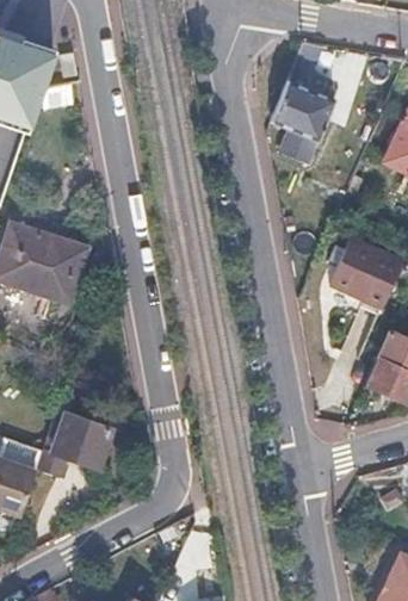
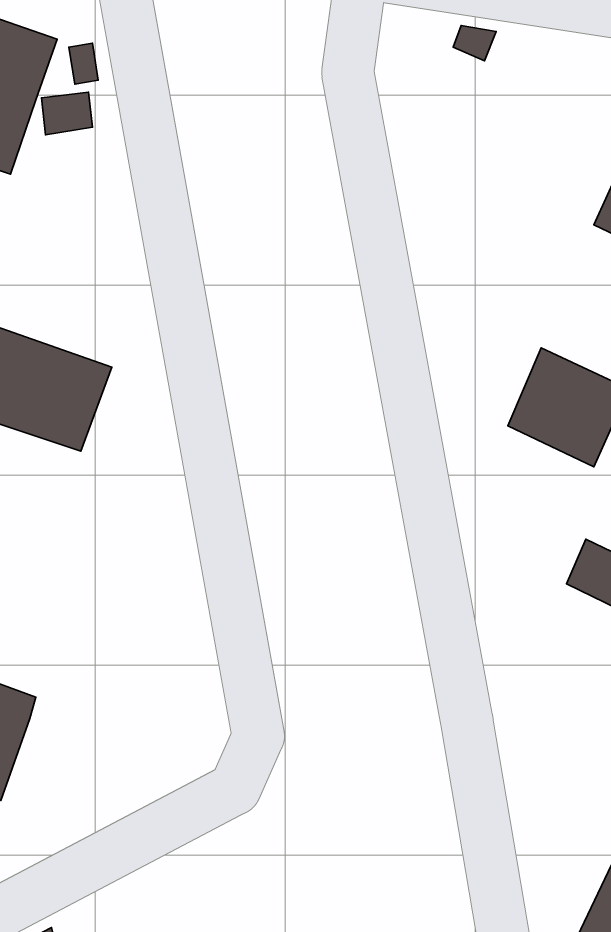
building: [272,78,335,165] -> none
building: [38,409,111,473] -> none

